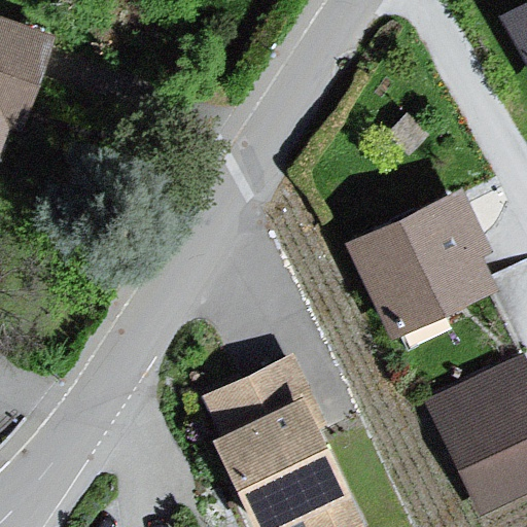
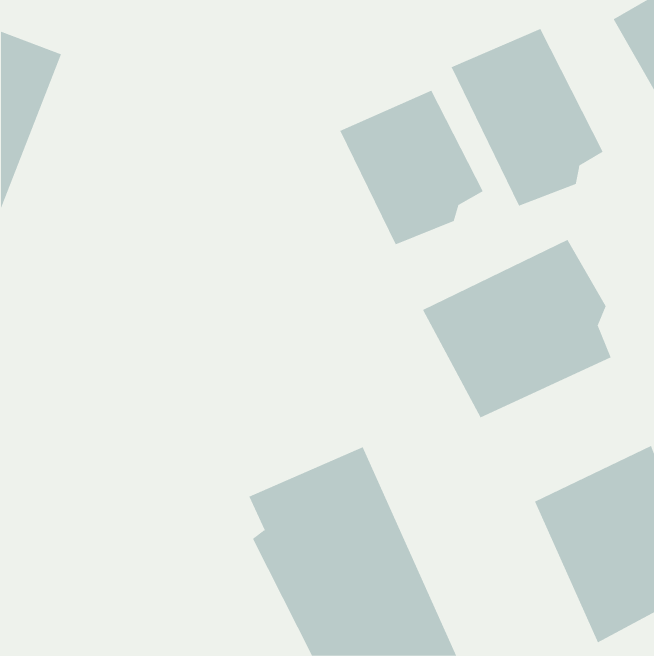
building: none -> [451,28,603,206]
building: none -> [339,90,484,245]

